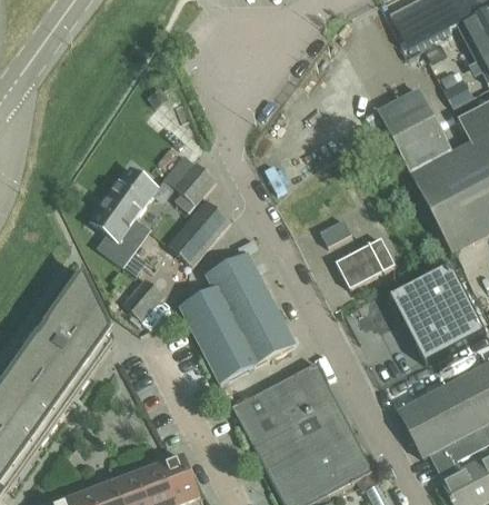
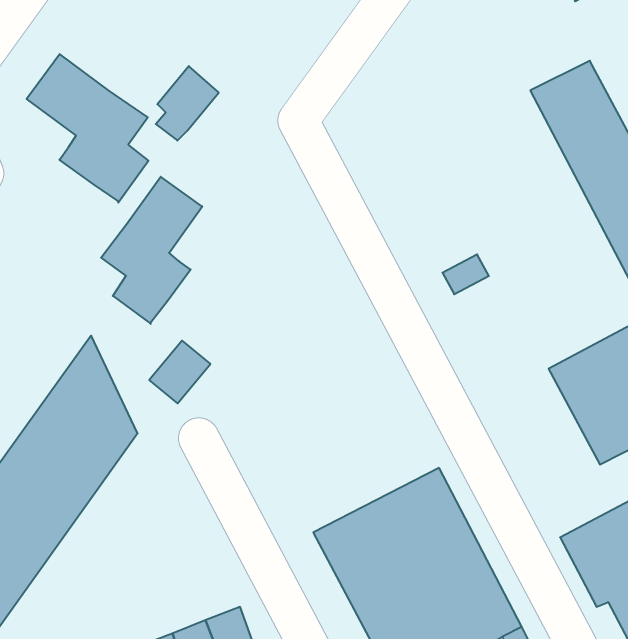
building: none -> [27,54,148,203]
building: [173,160,216,210] -> [156,66,219,141]
building: [168,199,230,264] -> none
building: [336,237,395,287] -> none
building: [178,250,295,382] -> none

